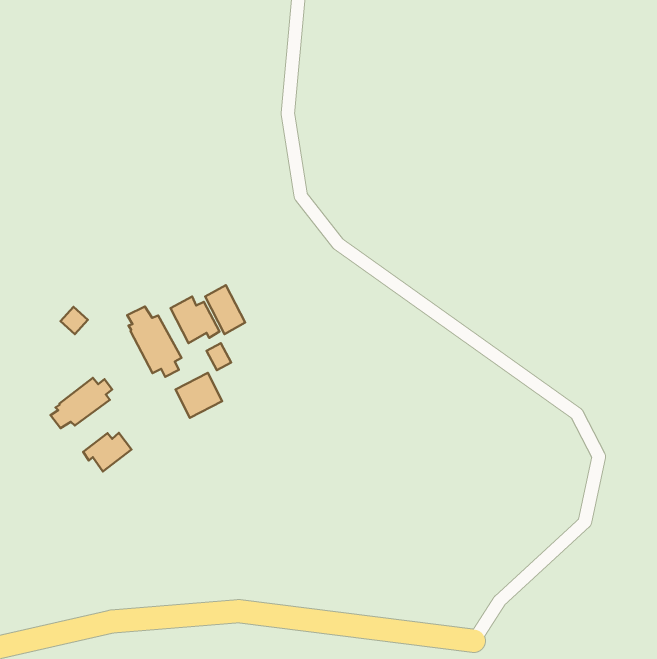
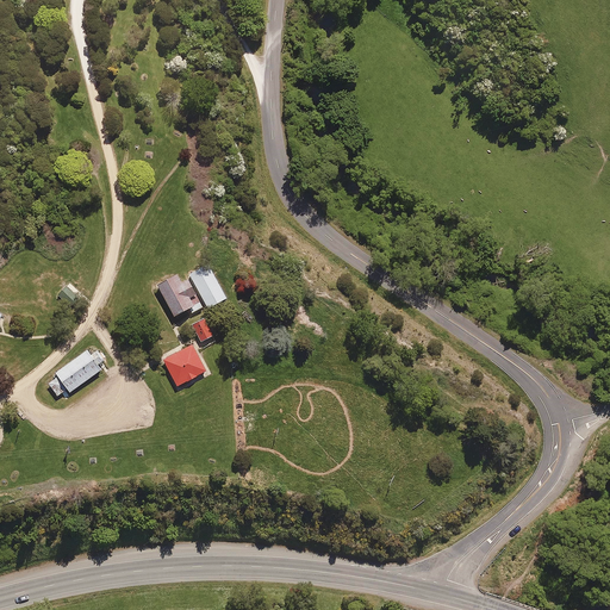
building: [127,306,181,377] -> none
building: [83,433,131,471] -> none

